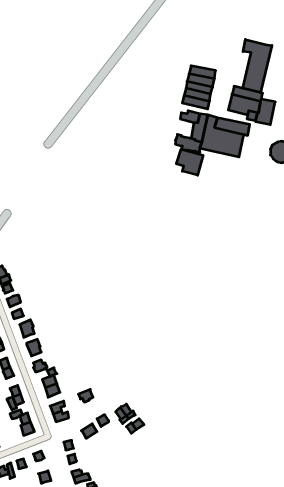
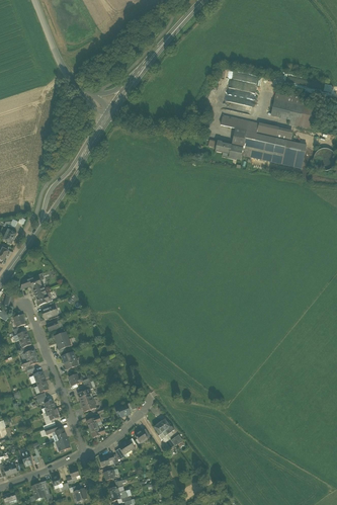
building: [243,39,272,93] -> none
building: none -> [280,140,306,167]
building: [176,149,203,175] -> none

